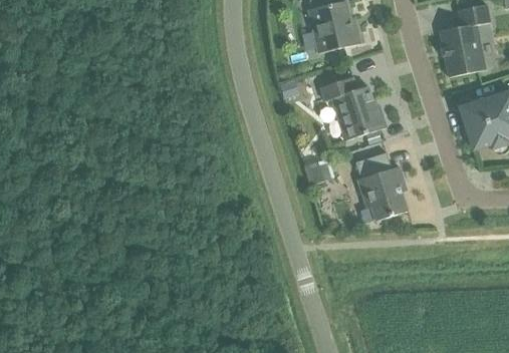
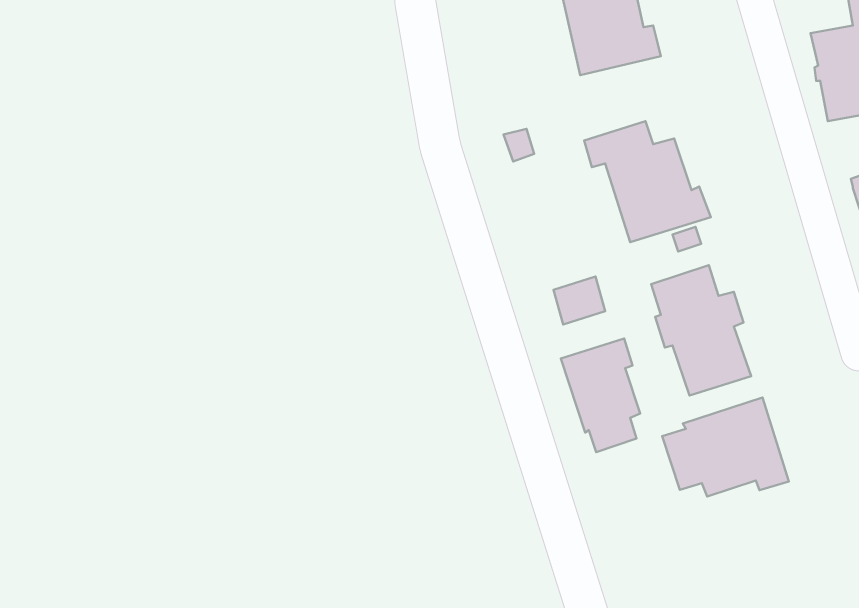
building: none -> [561,338,640,452]
building: none -> [662,398,789,497]

